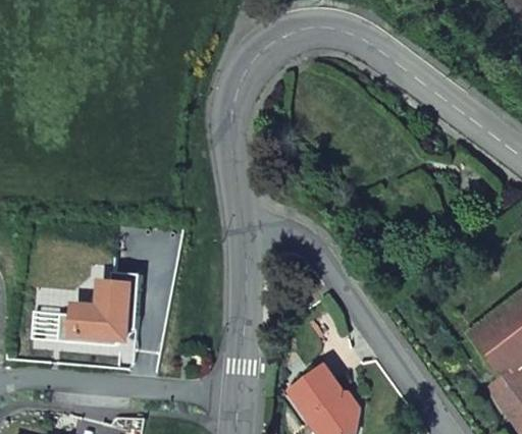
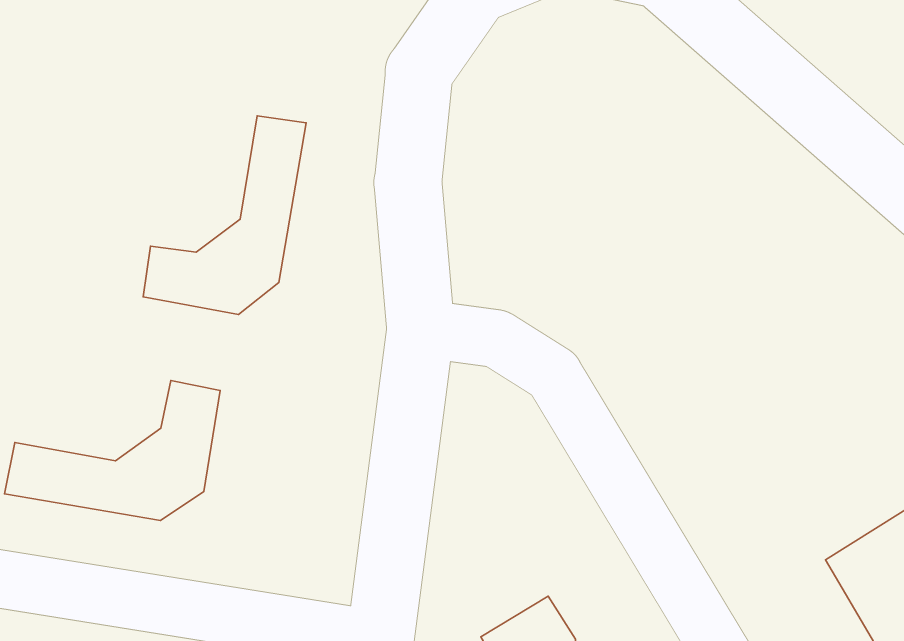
building: none -> [143,116,306,314]

